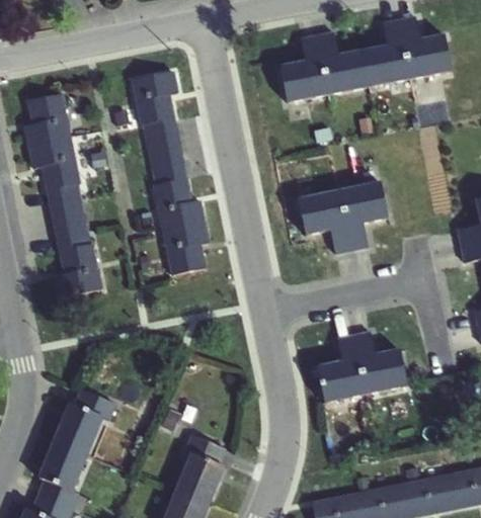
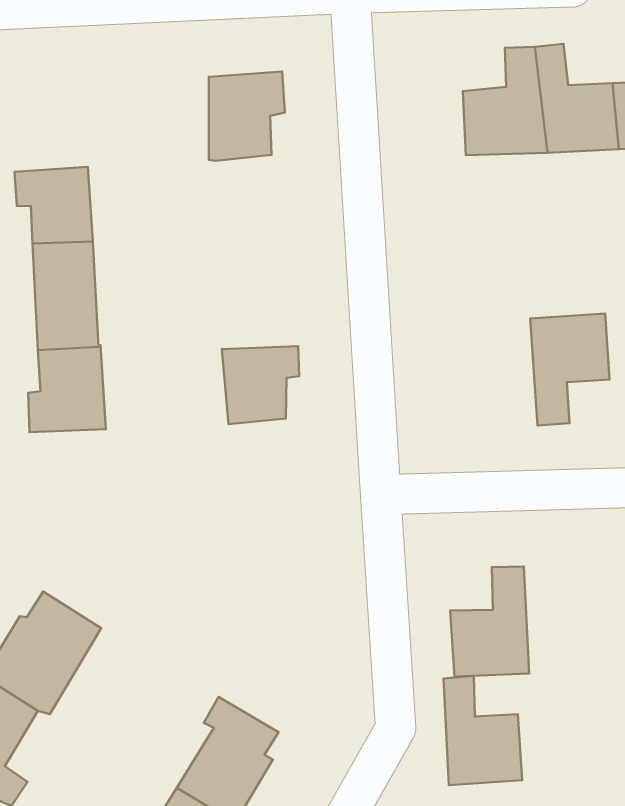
building: [24,93,71,150] -> none
building: [144,118,207,234] -> none
building: [297,190,350,255] -> none
building: [354,329,408,394] -> [443,676,522,785]

